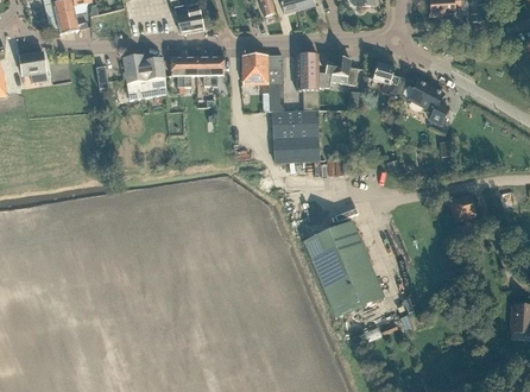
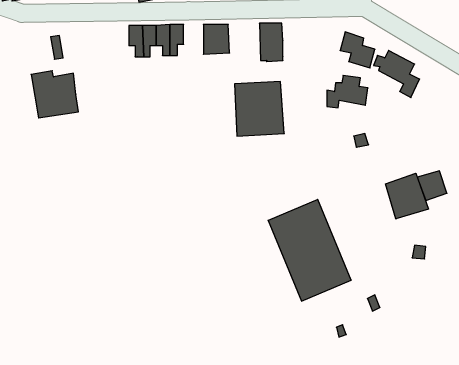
building: [122,53,168,99] -> [31,71,78,118]
building: [318,56,358,87] -> [327,75,368,108]
building: none -> [385,173,428,219]

